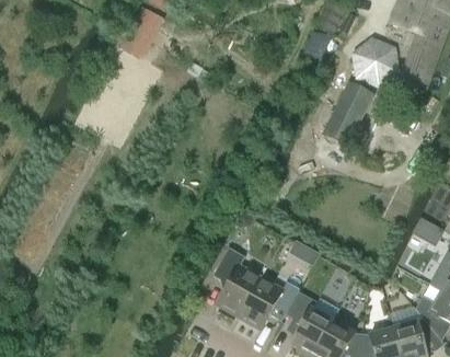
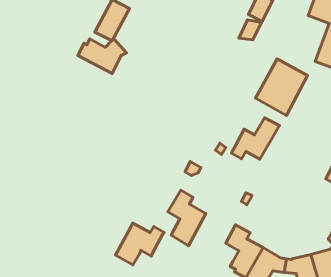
building: [351,38,396,85] -> none
building: none -> [78,39,127,74]
building: none -> [231,118,279,159]
building: [239,276,300,329] -> [116,223,164,265]

